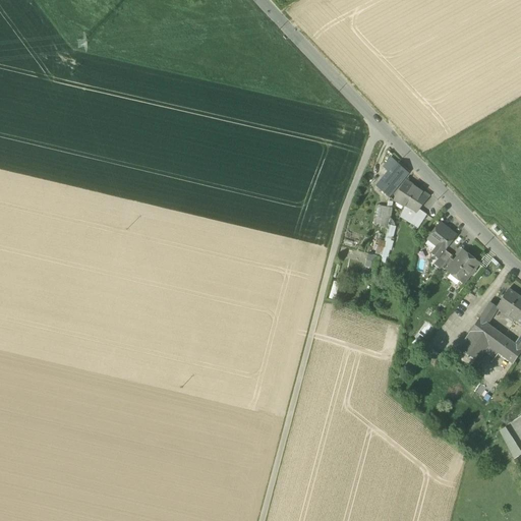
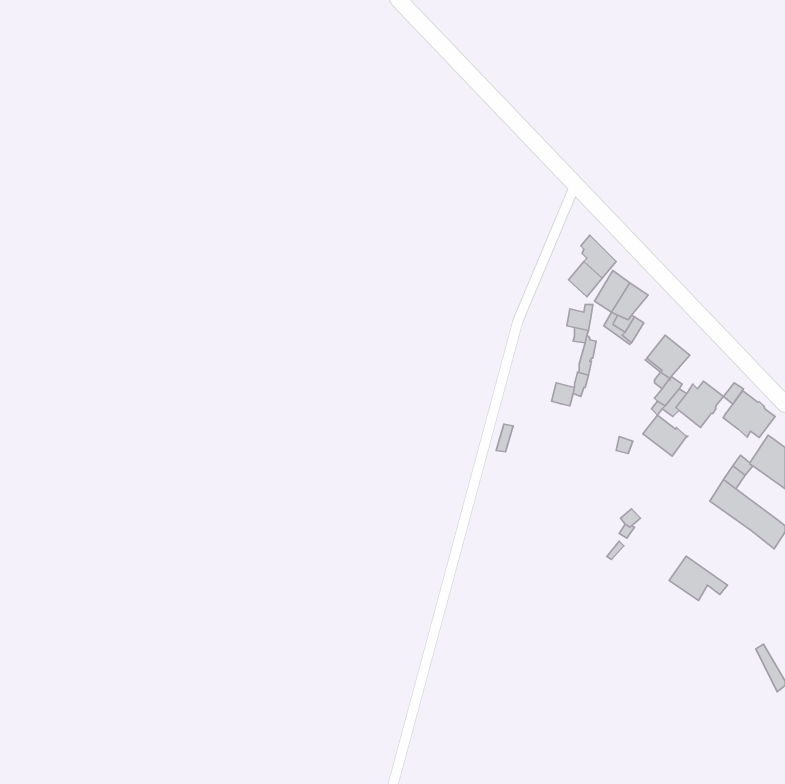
building: none -> [723,391,775,438]
building: none -> [643,415,688,456]
building: [459,332,498,361] -> [669,556,728,601]

